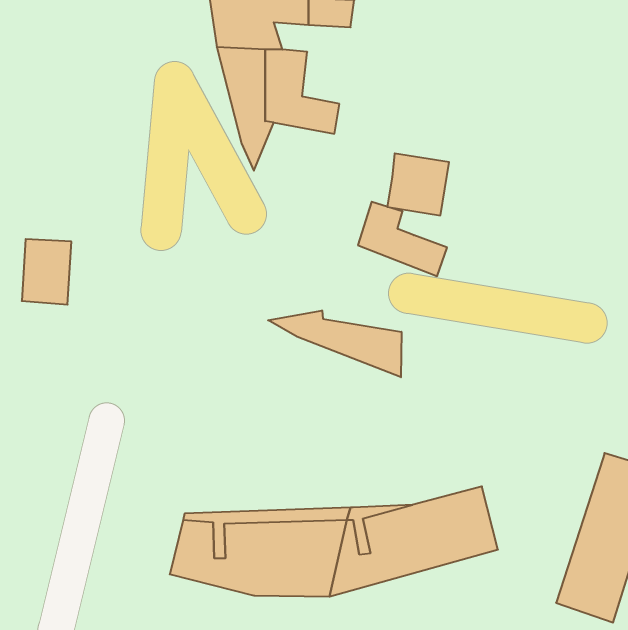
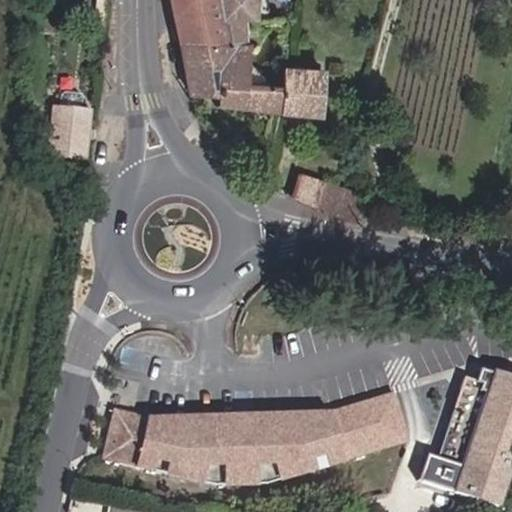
building: [387,153,449,215] -> [274,65,324,115]
building: [22,239,71,305] -> [51,106,91,159]
building: [268,310,401,377] -> none
building: none -> [420,365,491,487]
building: none -> [104,410,153,464]

